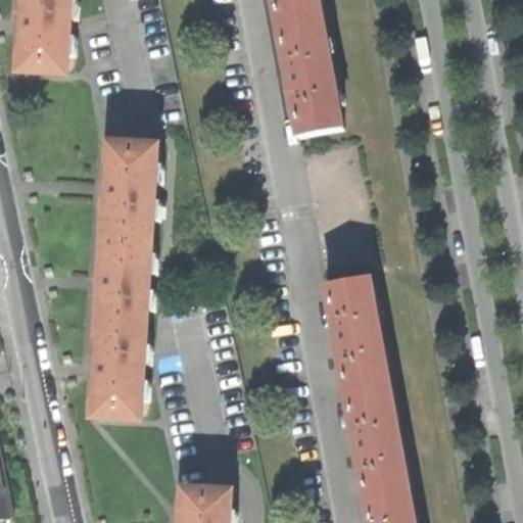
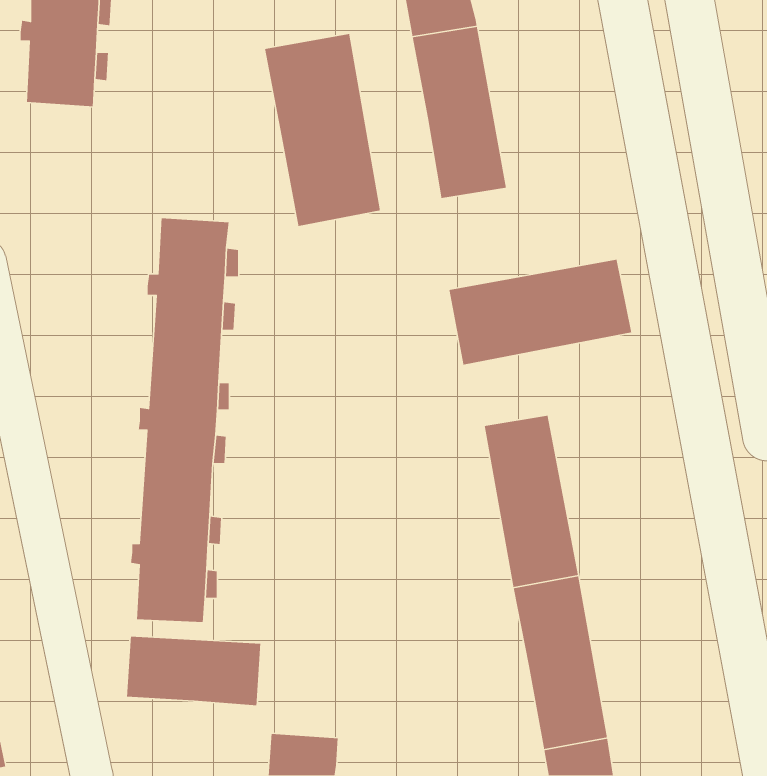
building: none -> [264,33,381,227]
building: none -> [449,259,632,366]
building: none -> [126,636,261,706]

